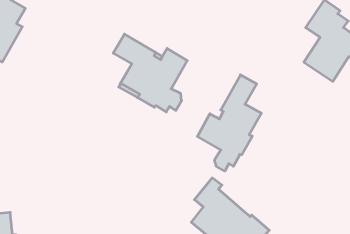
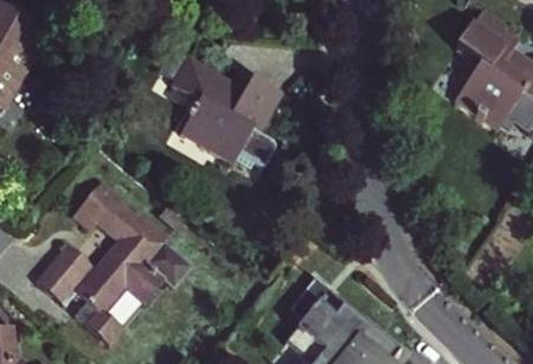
building: [197,75,261,171] -> none
building: none -> [36,178,190,343]

